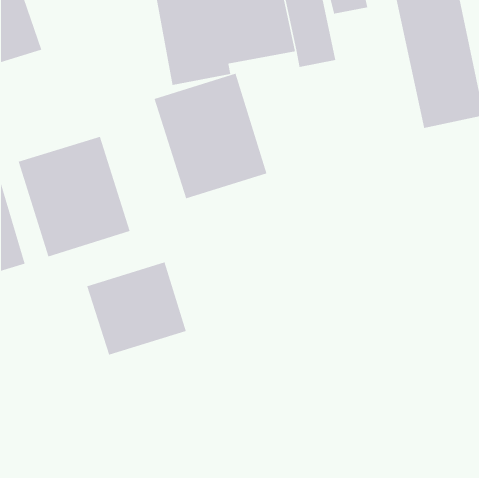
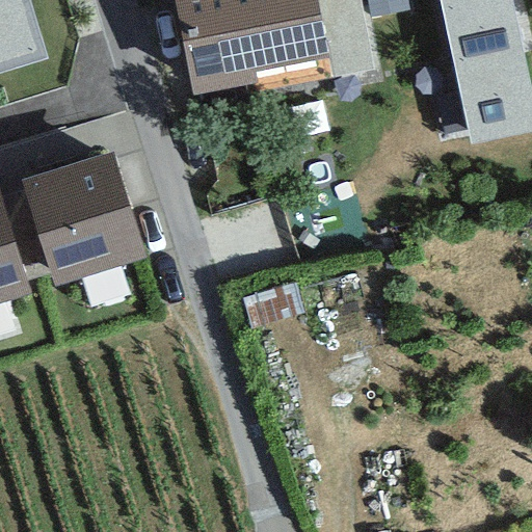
building: [154,73,267,199] -> none
building: [87,261,186,355] -> none

